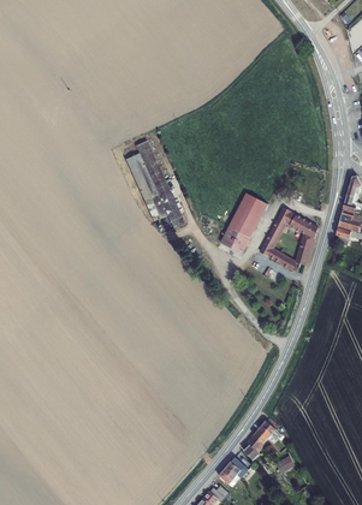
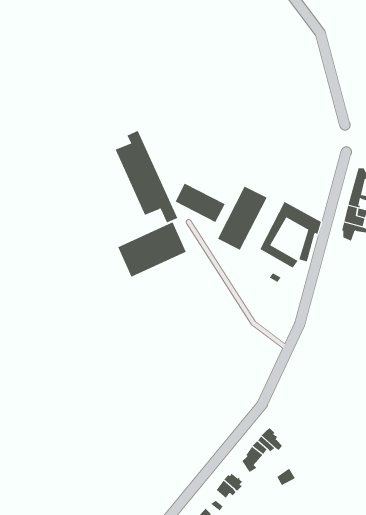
building: none -> [175,183,225,223]
building: none -> [117,221,187,277]

